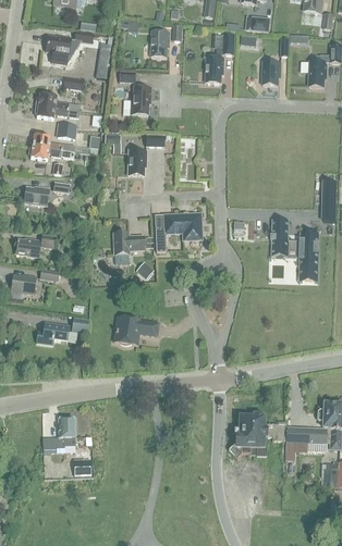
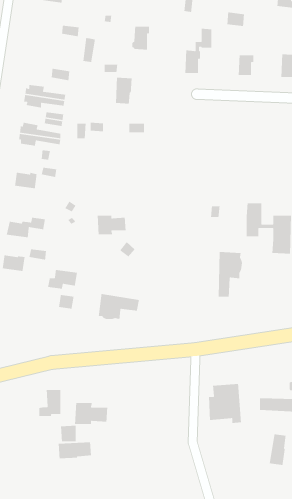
building: [46,35,71,64] -> none
building: [127,149,146,175] -> none
building: [155,212,201,250] -> none
building: none -> [218,251,243,298]
building: [36,322,69,344] -> [47,269,78,290]
building: none -> [74,402,108,425]
building: none -> [269,433,286,466]
building: none -> [58,442,92,459]

